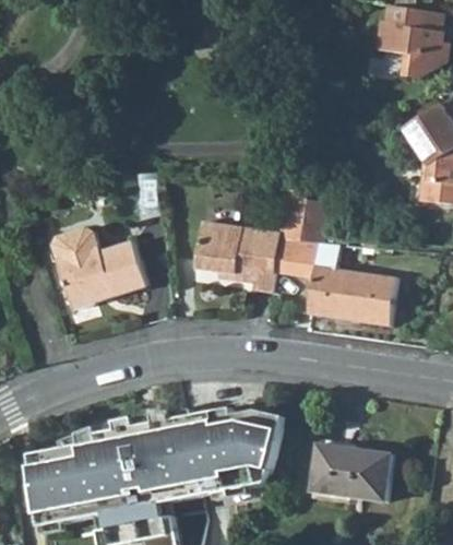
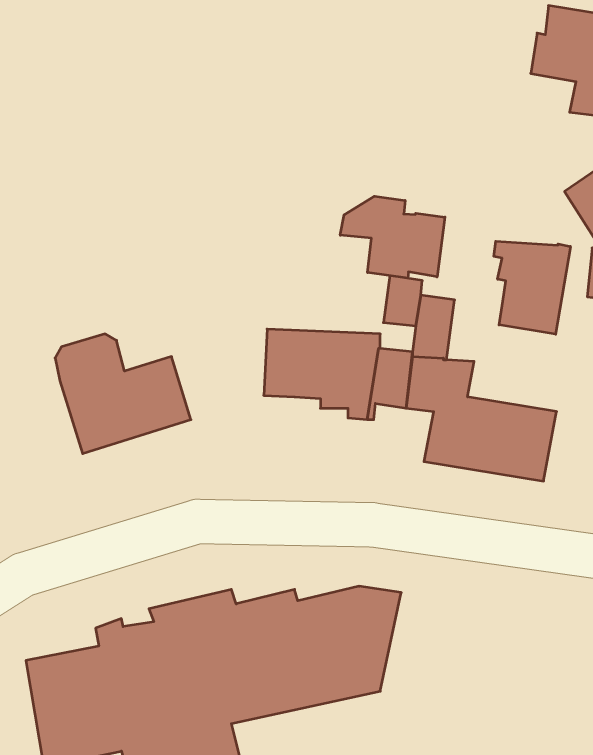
building: none -> [340,196,445,278]
building: none -> [494,241,570,334]
building: [311,447,393,502] -> none

